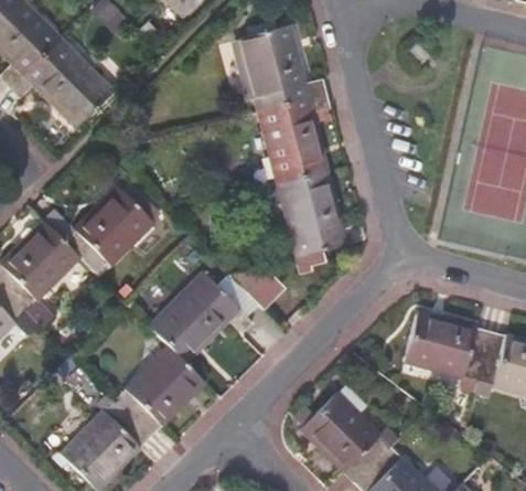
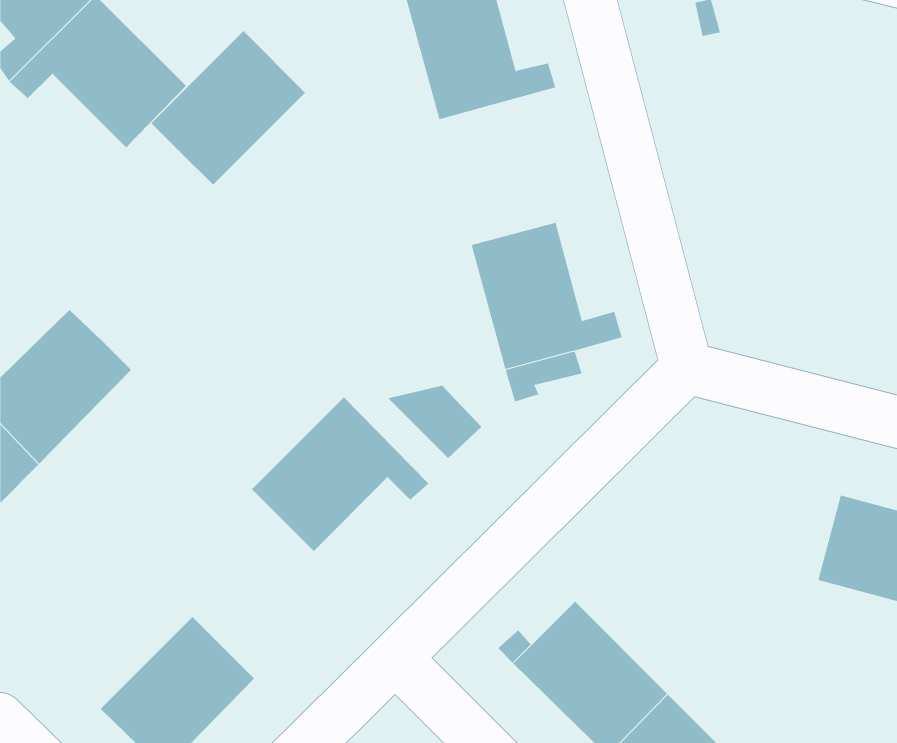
building: [258,93,331,184] -> none
building: [63,186,153,277] -> [151,30,306,186]
building: [405,311,492,380] -> none
building: [115,346,205,437] -> none

